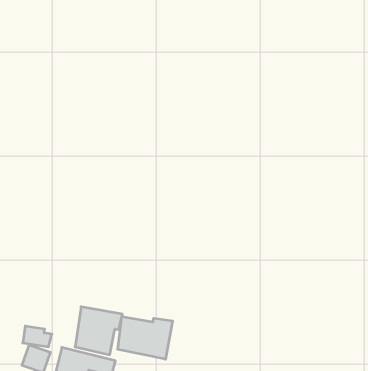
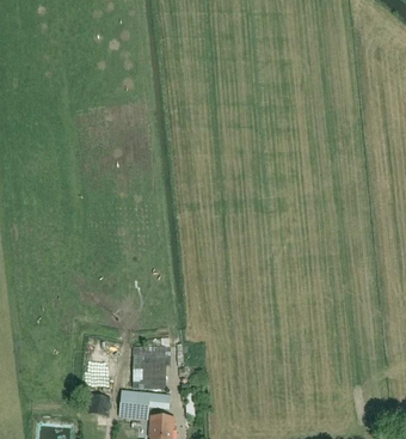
building: [118,317,173,359] -> none

